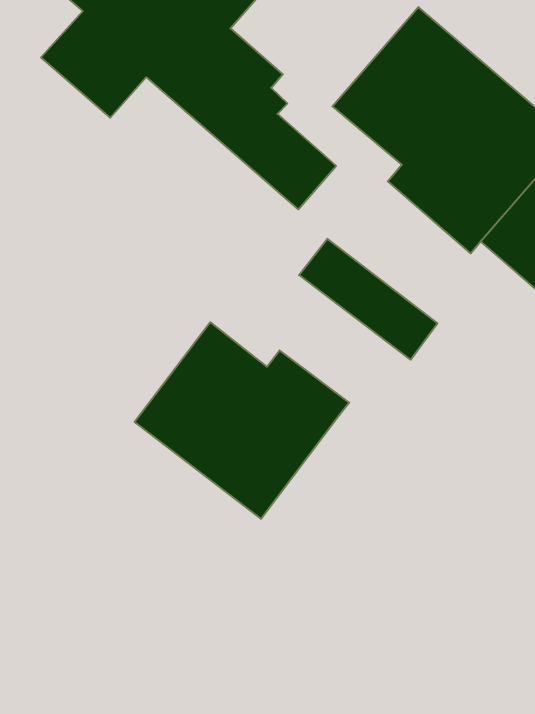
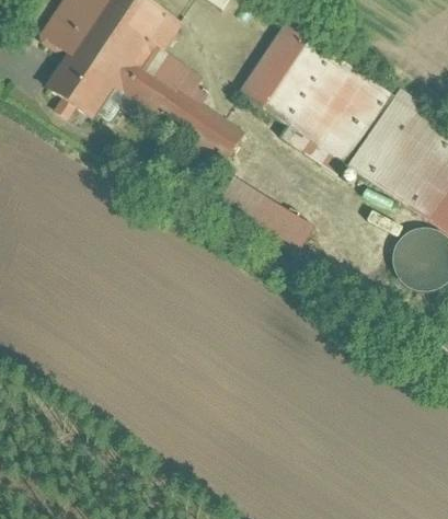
building: [135,322,349,519] -> none

